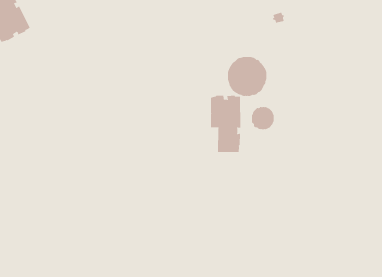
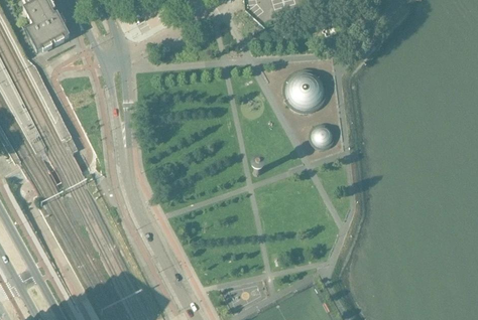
building: [210,95,241,153] -> none

